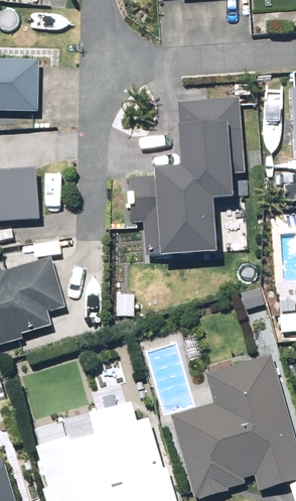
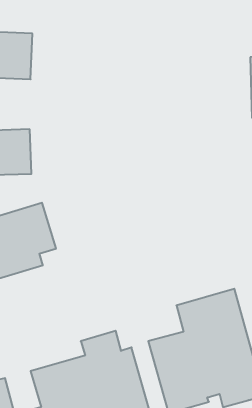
building: [130,104,237,255] -> none

